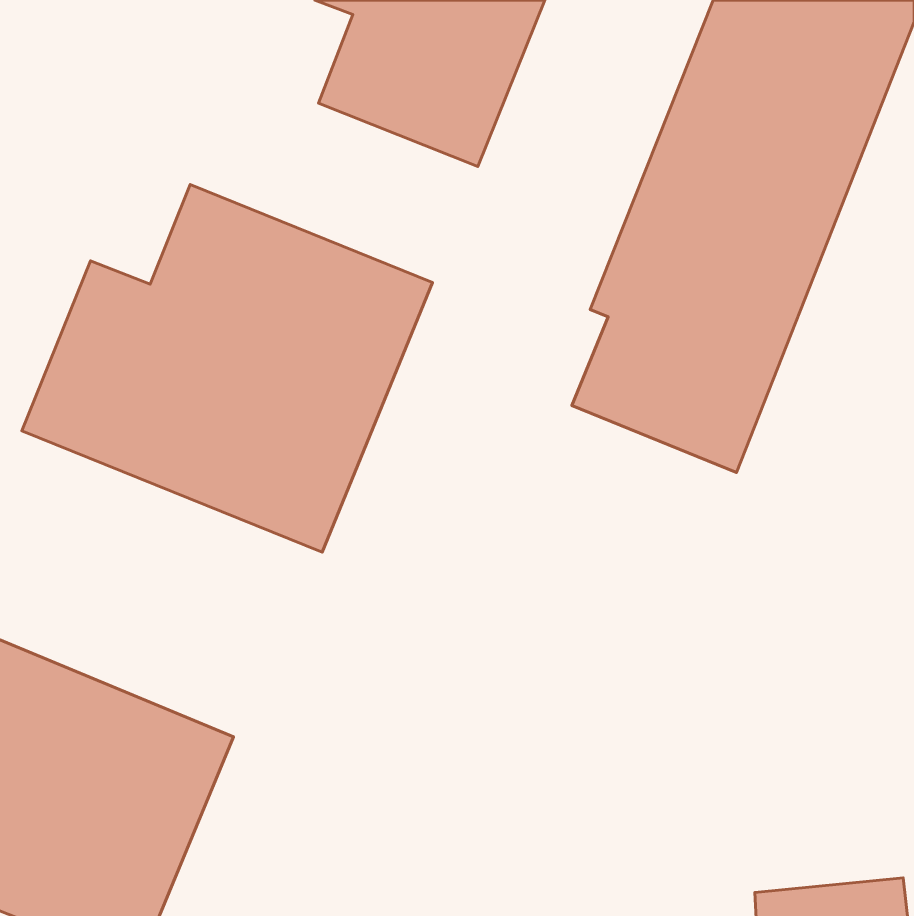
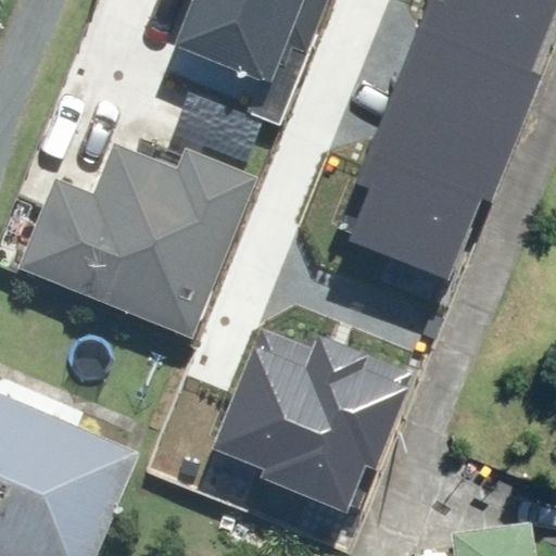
building: none -> [210,341,400,525]

